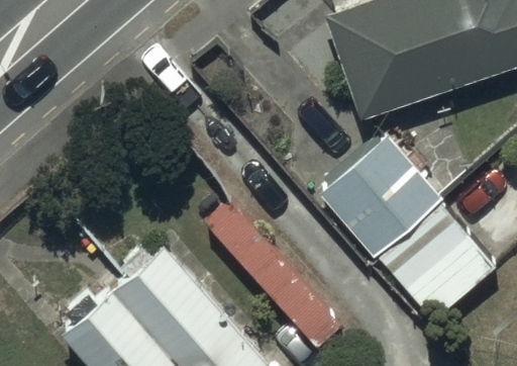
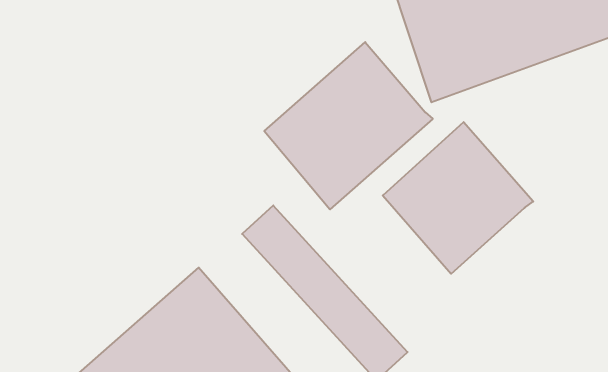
building: none -> [264,42,433,209]
building: [376,204,493,323] -> none

